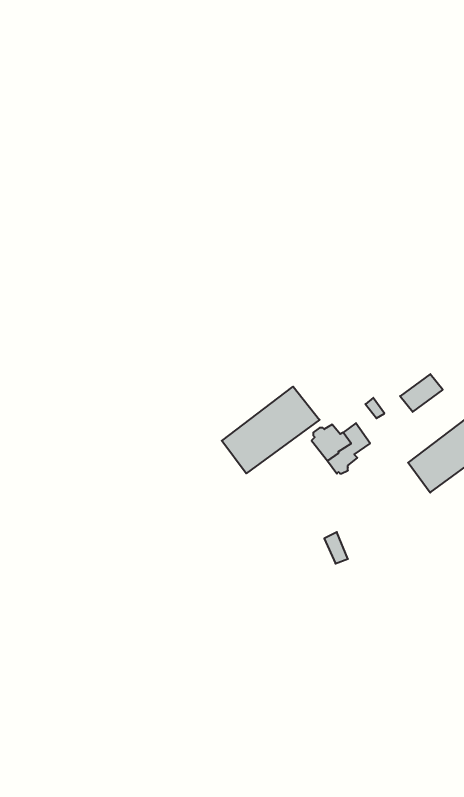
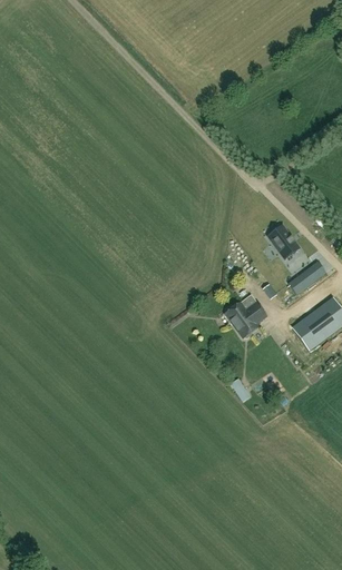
building: none -> [267,224,299,257]
building: [222,387,320,473] -> none

